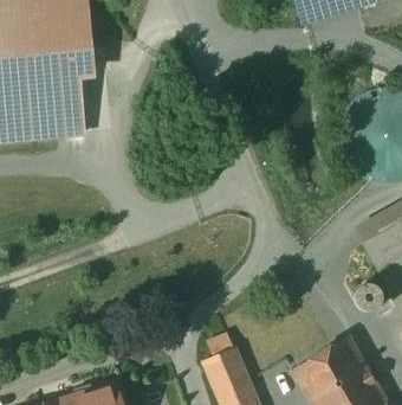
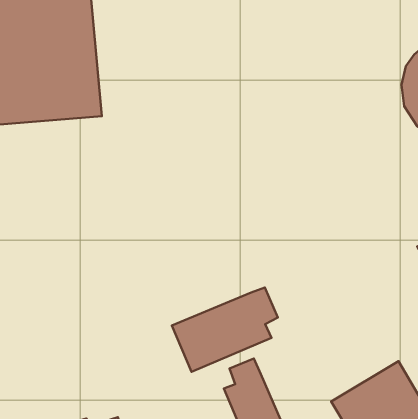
building: none -> [172,287,278,372]

